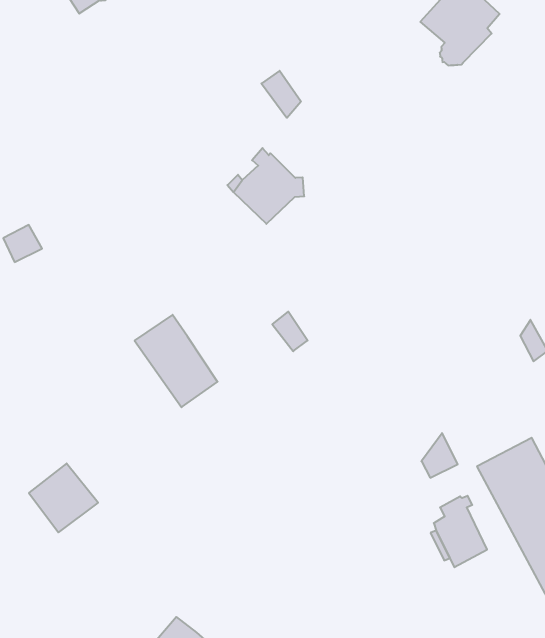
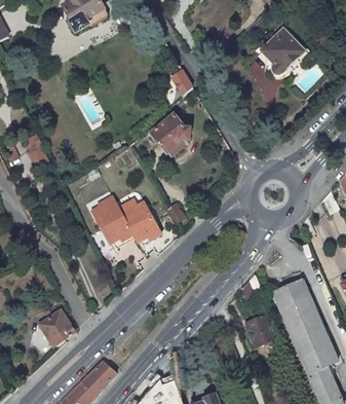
building: none -> [120,197,163,248]
building: [29,463,98,532] -> [38,308,75,345]

